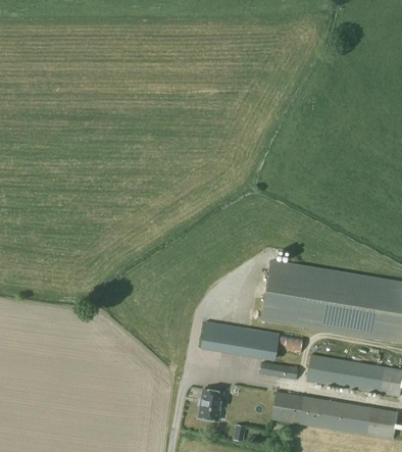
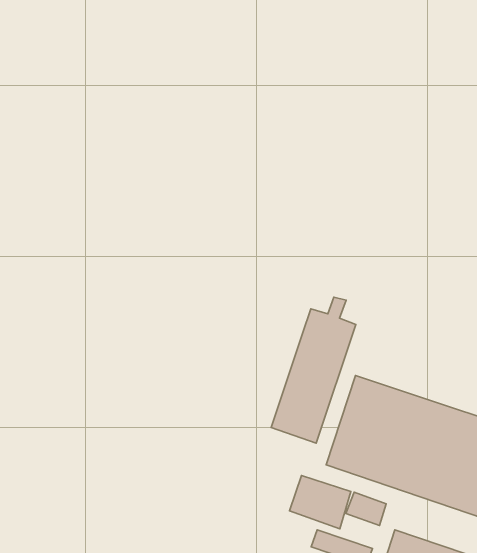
building: none -> [271,297,356,443]
building: [202,322,232,367] -> none

